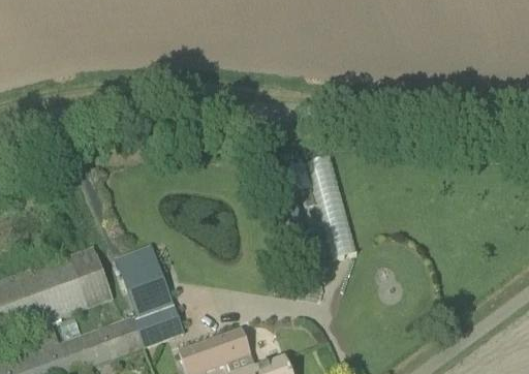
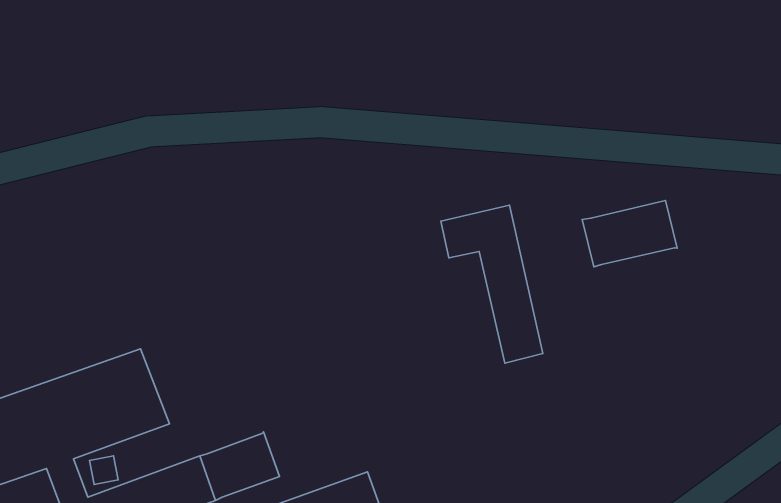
building: none -> [582,201,677,267]
building: [118,253,172,315] -> none

